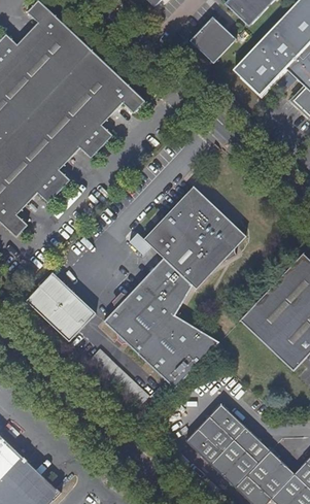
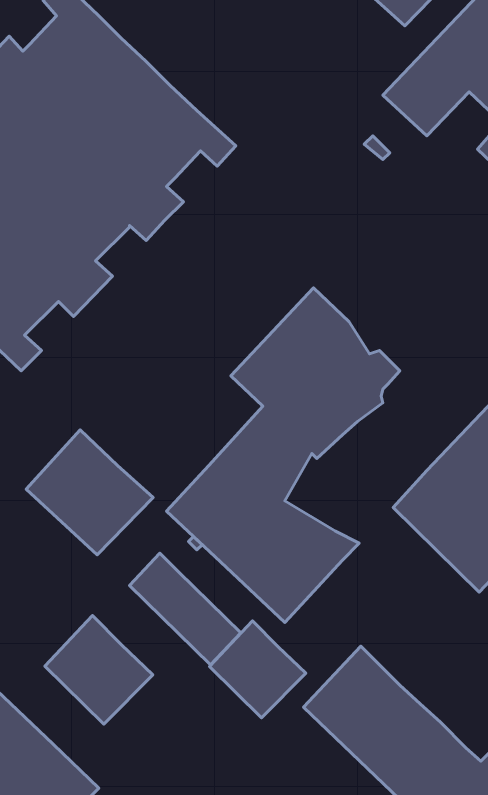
building: [188,18,236,65] -> none
building: none -> [45,615,153,724]
building: none -> [209,621,306,718]

